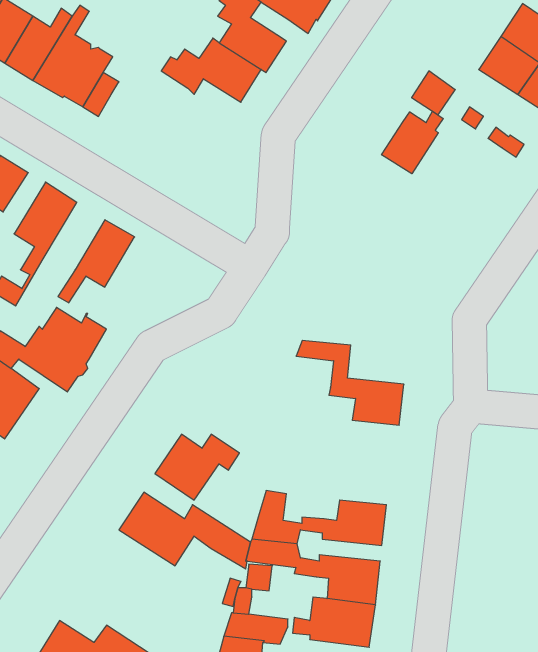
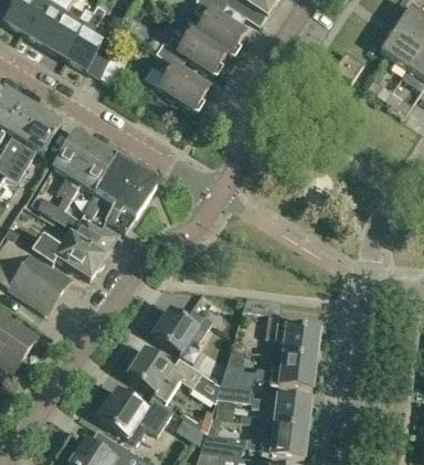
building: none -> [146,64,208,108]
building: [382,111,443,174] -> none
building: none -> [53,145,116,229]
building: none -> [106,169,155,231]
building: [296,340,404,425] -> [242,298,318,358]
building: none -> [98,390,172,443]

